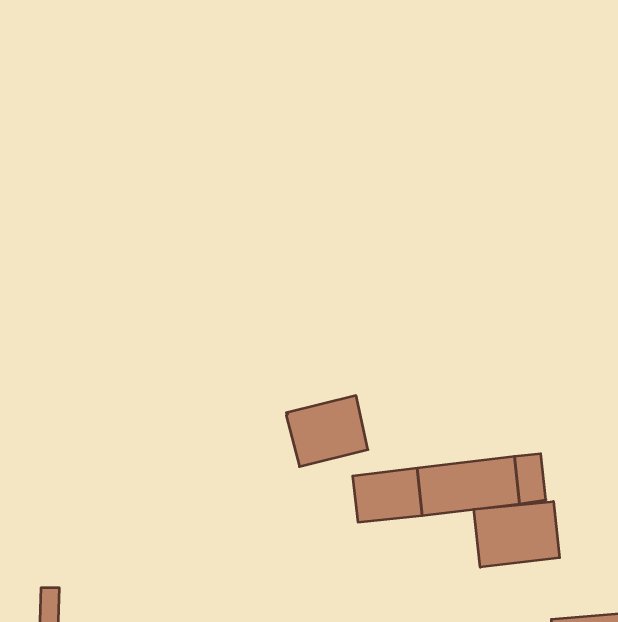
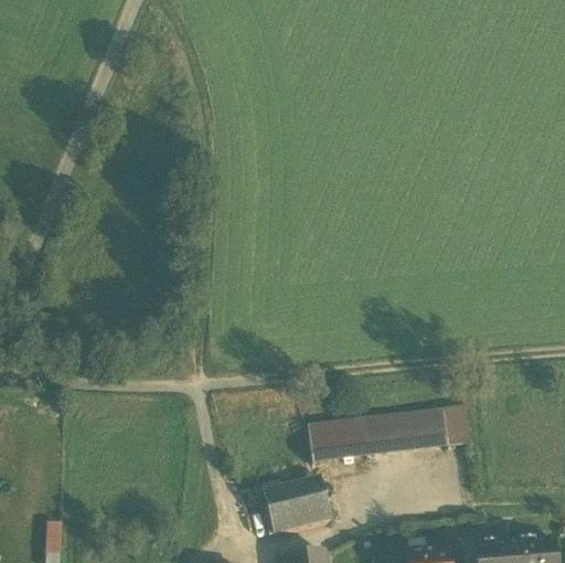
building: [286,396,368,467] -> [262,472,330,532]
building: [474,501,560,567] -> none

